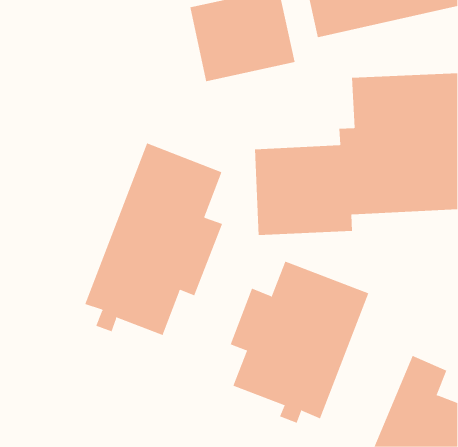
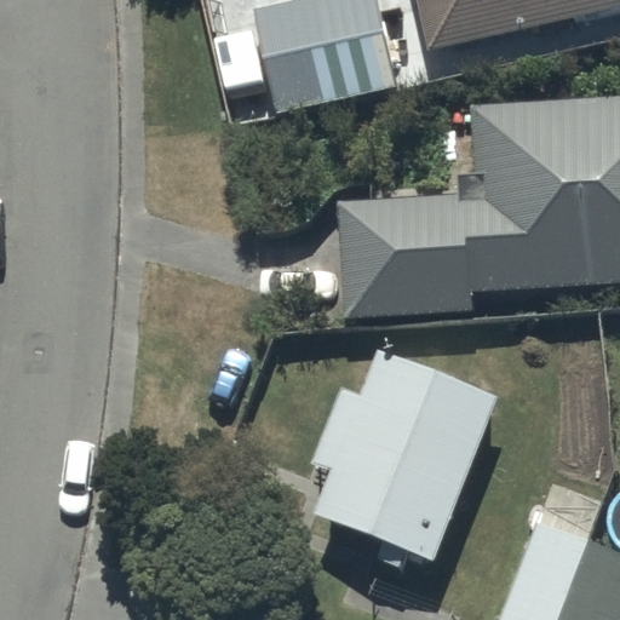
building: [84,142,223,336] -> none

